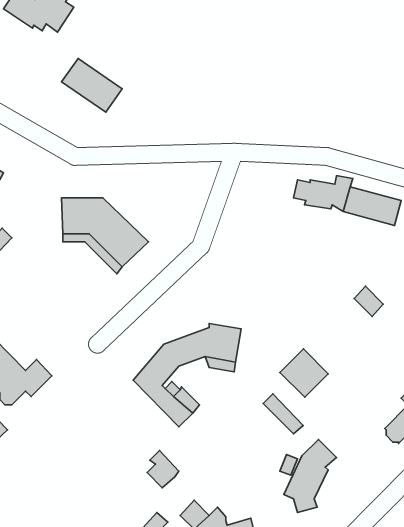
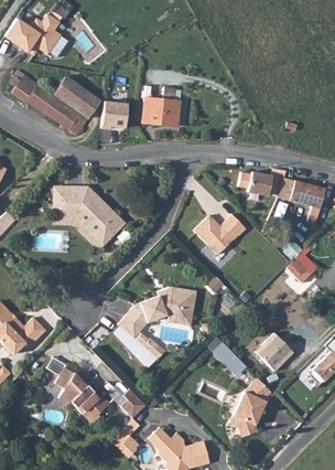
building: none -> [10,70,88,135]
building: none -> [143,86,182,126]
building: none -> [101,102,128,129]
building: none -> [194,214,246,254]
building: [280,349,328,397] -> [256,331,294,370]
building: none -> [54,368,109,425]

